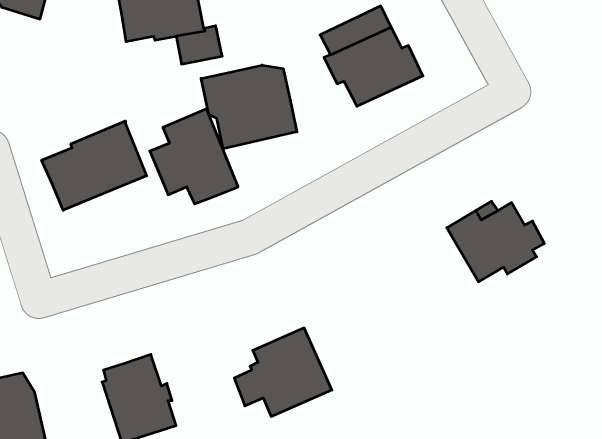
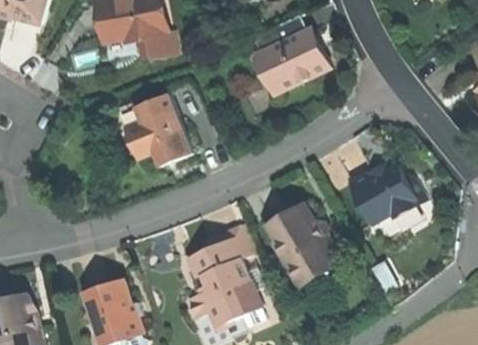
building: [201,65,297,149] -> none
building: [42,121,147,210] -> none
building: none -> [266,204,340,287]
building: none -> [186,224,255,278]

